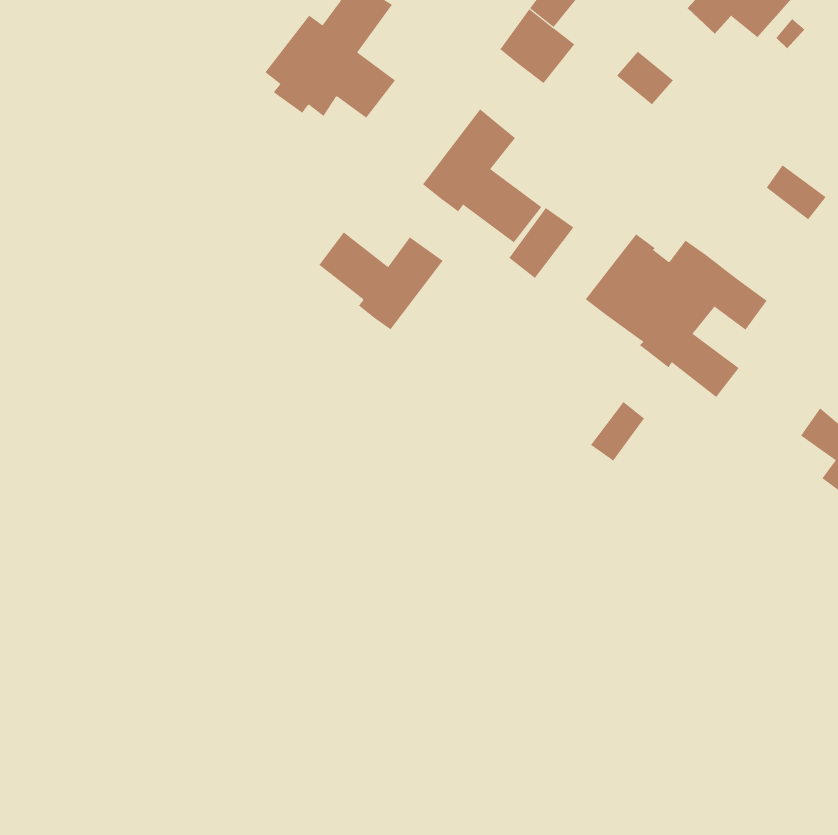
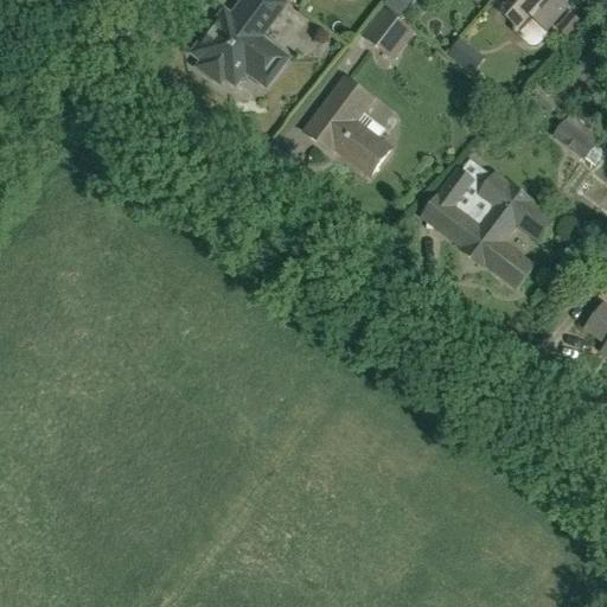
building: [509,207,574,279] -> none
building: [318,232,444,330] -> none
building: [590,401,645,461] -> none

